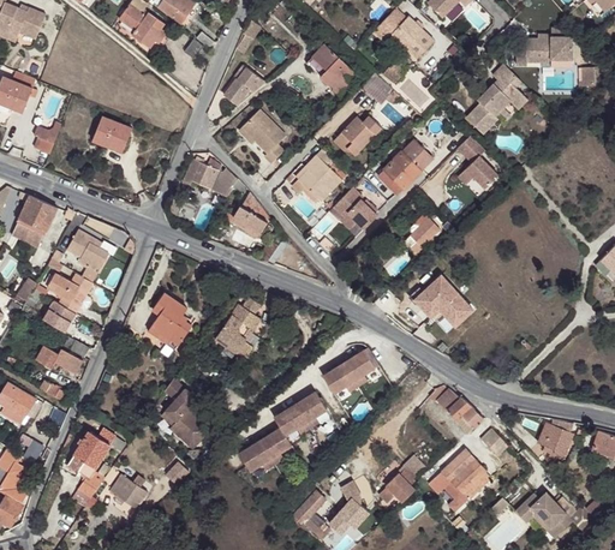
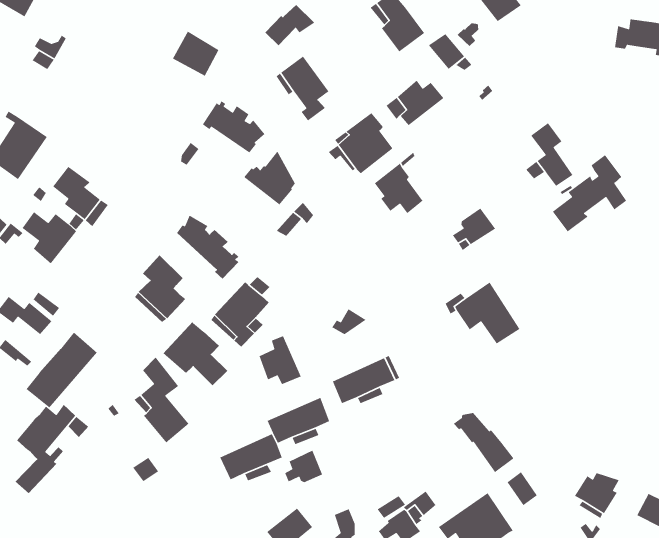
building: [466,64,527,133] -> [552,154,627,233]
building: [92,115,131,151] -> [172,31,219,77]
building: [377,139,432,193] -> none
building: none -> [176,215,239,280]
building: [42,300,74,331] -> none
building: none -> [162,321,228,386]
building: none -> [258,335,302,385]
building: none -> [25,331,98,408]
building: none -> [284,449,323,483]
building: [109,474,147,508] -> none

